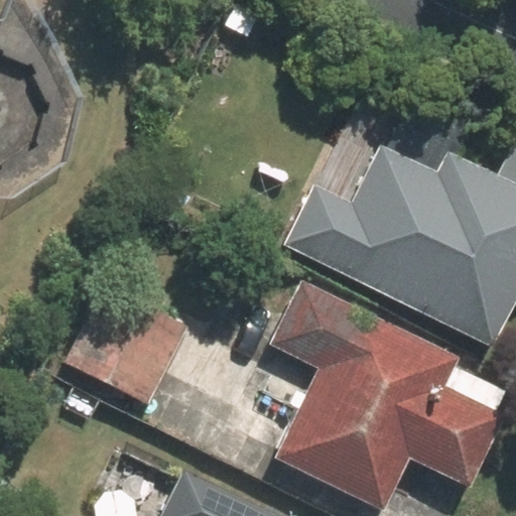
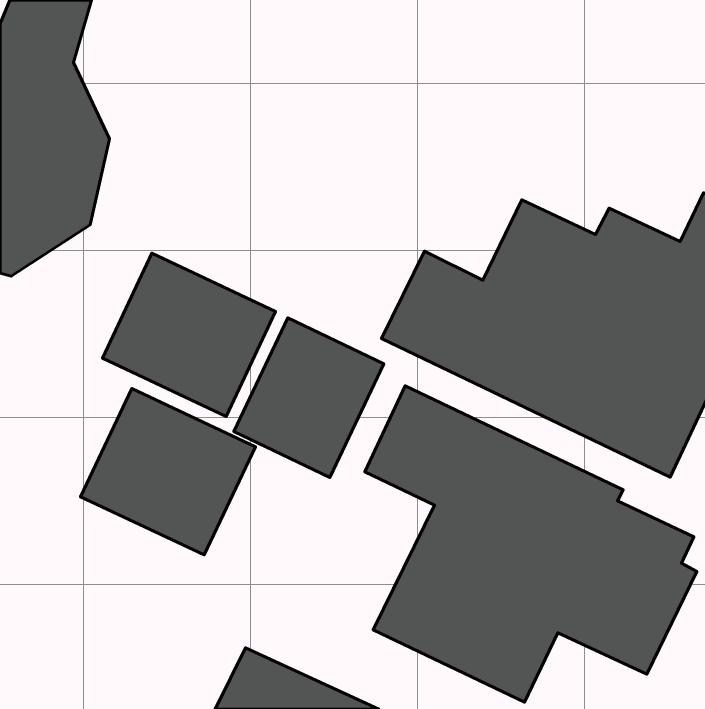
building: none -> [102,253,275,416]
building: none -> [234,318,384,477]

